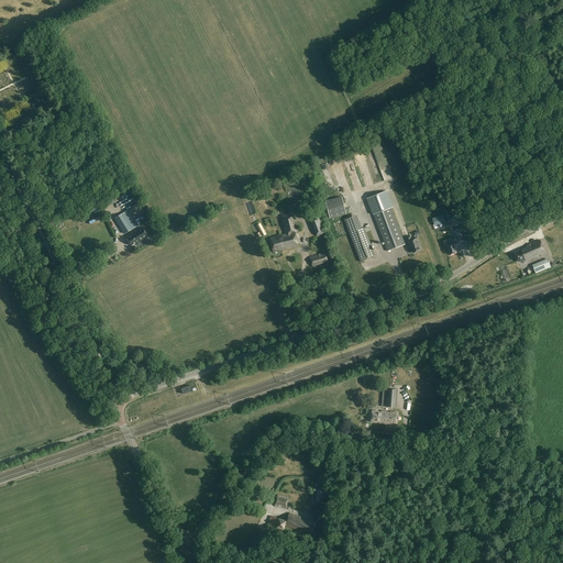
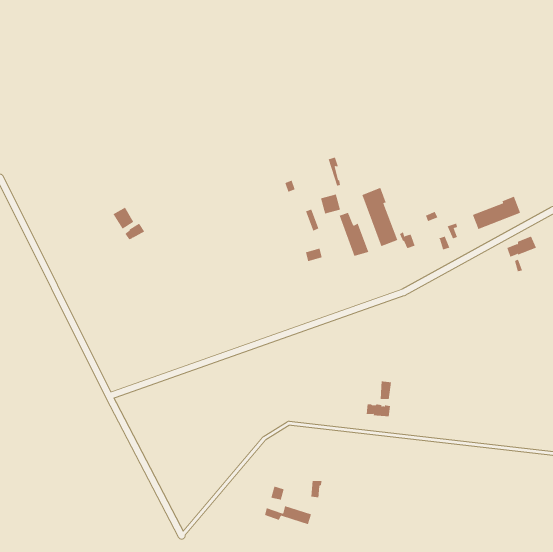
building: none -> [472,196,521,230]
building: [269,212,298,252] -> none

